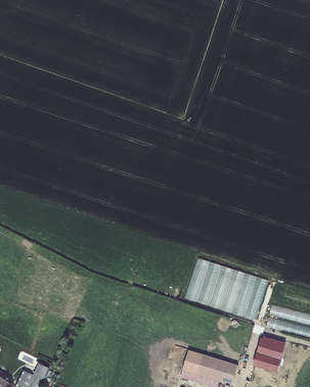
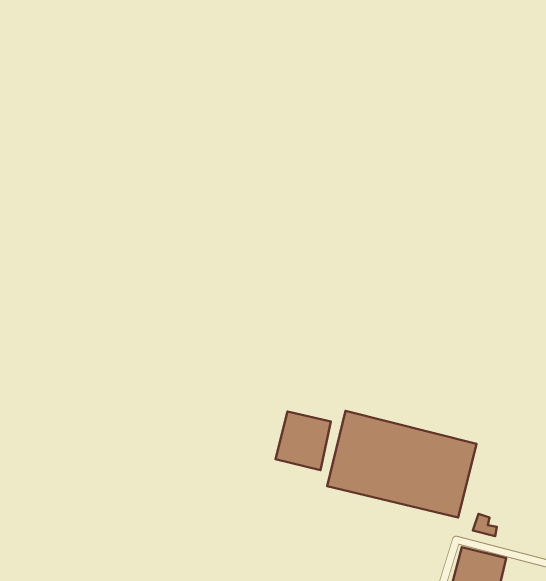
building: none -> [276,411,331,470]

